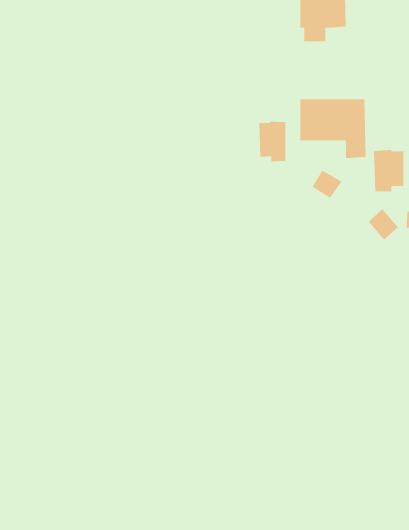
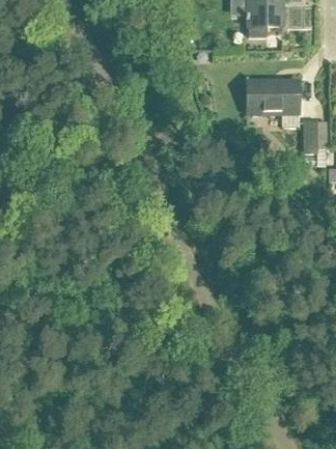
building: [259,121,286,162] -> none

